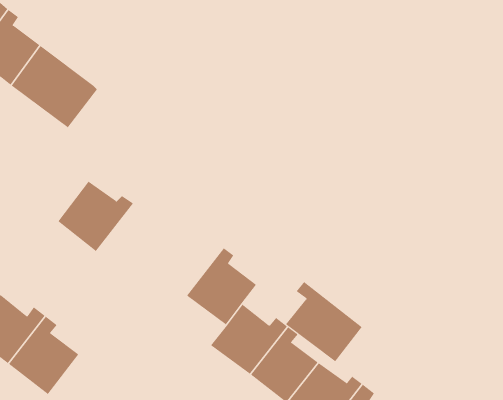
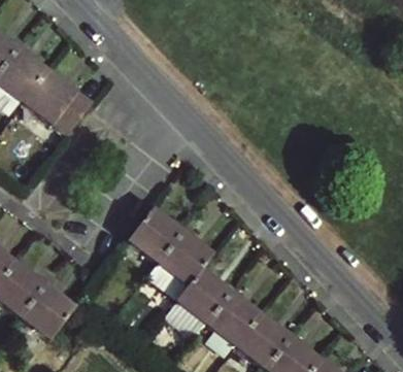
building: [57,181,134,252] -> [127,207,186,262]
building: [285,281,363,362] -> none

